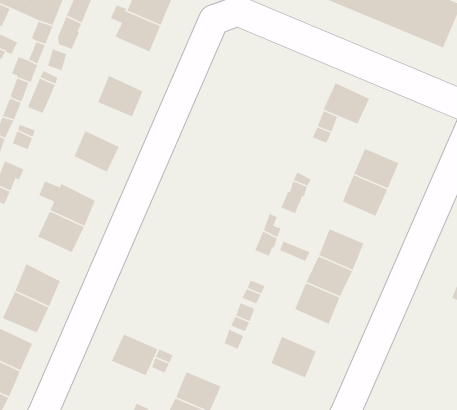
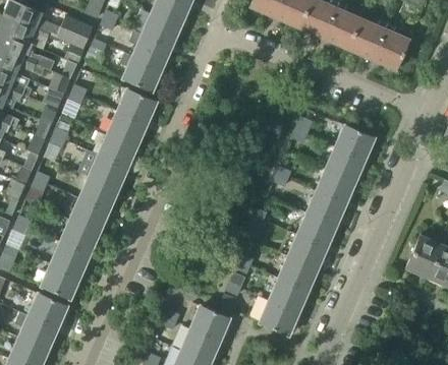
building: none -> [118,54,160,94]
building: [323,82,370,125] -> [334,126,373,161]
building: none -> [107,112,146,147]
building: none -> [88,156,125,191]
building: none -> [305,192,343,226]
building: none -> [59,221,97,256]
building: none -> [267,280,305,313]
building: [111,334,159,376] -> [189,307,228,342]

